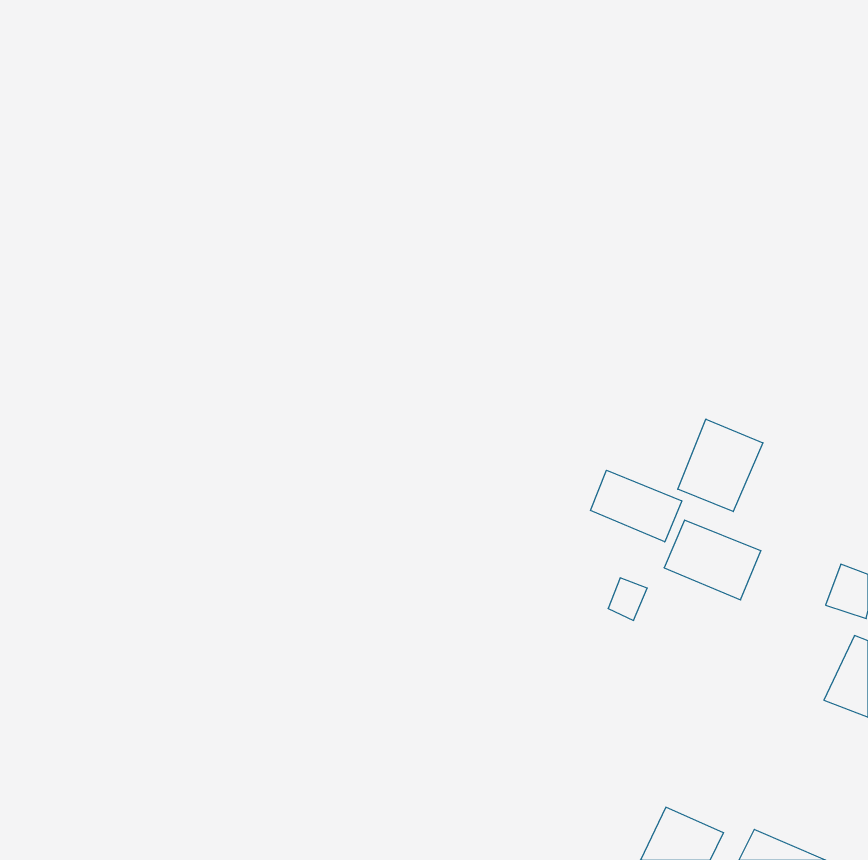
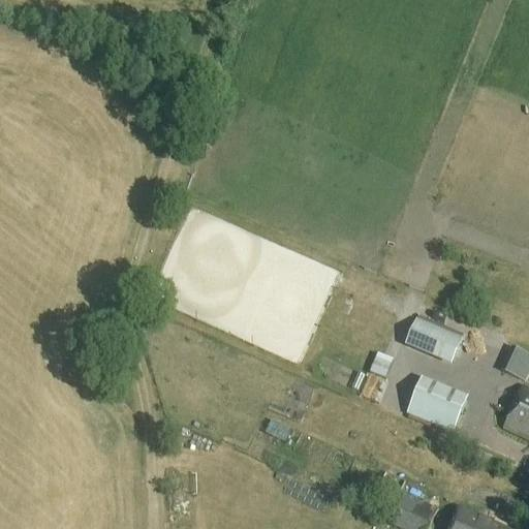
building: [678,419,763,512] -> none
building: [591,470,682,542] -> none
building: none -> [406,375,468,430]

